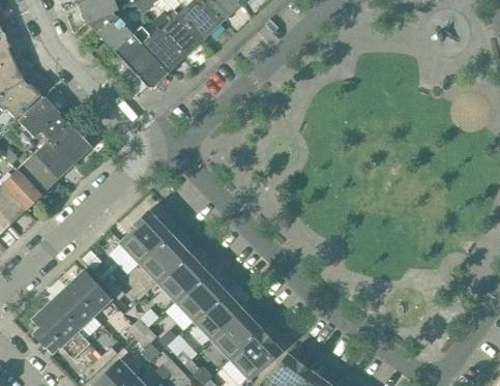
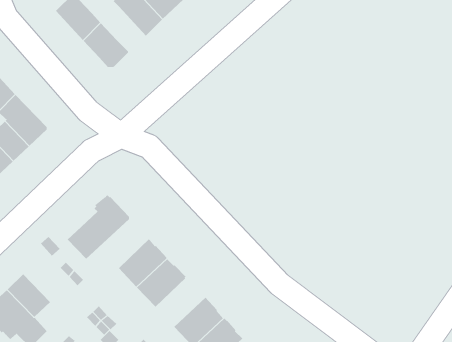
building: [134,26,185,71] -> none
building: [140,234,188,281] -> none
building: [66,270,110,315] -> none
building: [195,291,243,338] -> none

